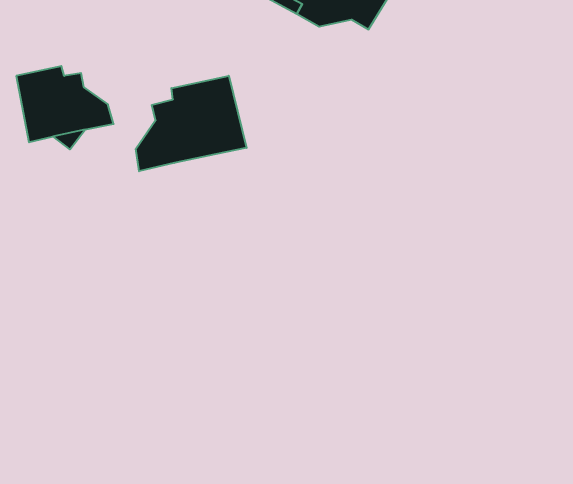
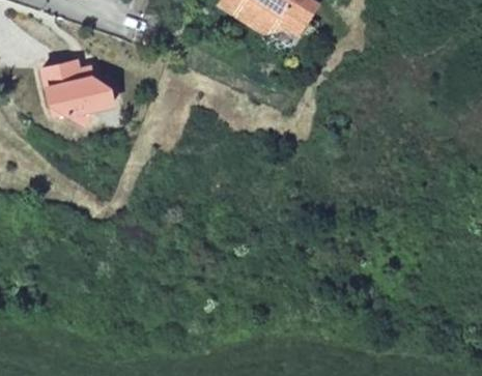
building: [136,76,247,171] -> none

